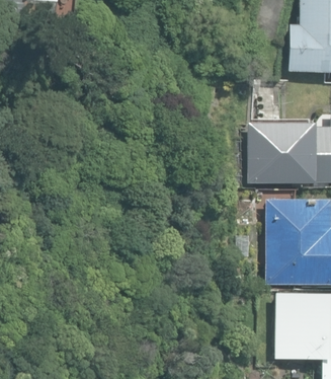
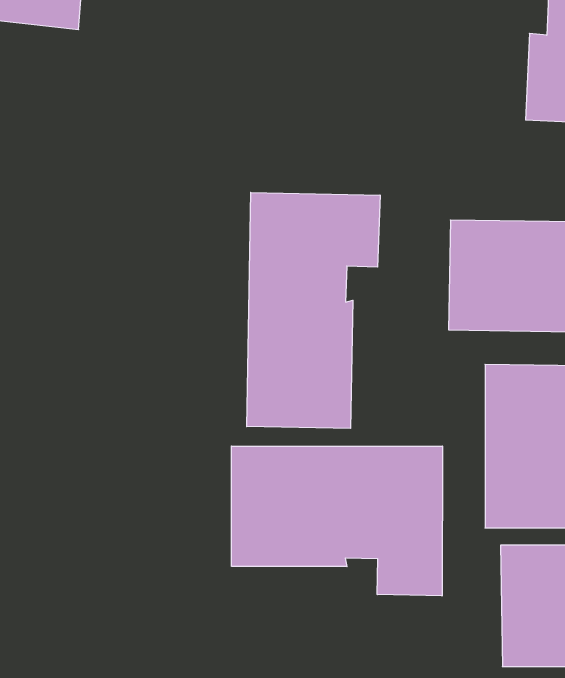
building: none -> [247,192,380,428]
building: none -> [231,446,442,596]

